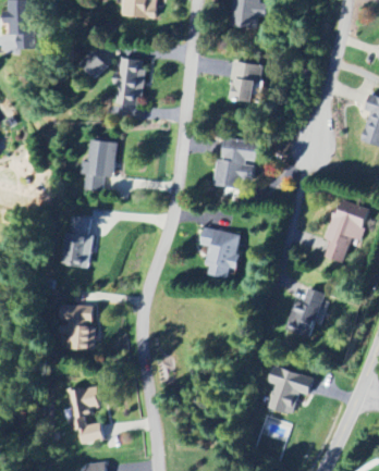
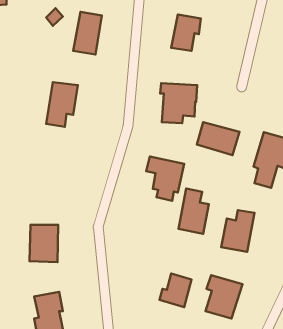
building: none -> [197,122,239,155]
building: [61,214,94,269] -> none
building: none -> [178,188,209,234]
building: none -> [159,273,191,307]

